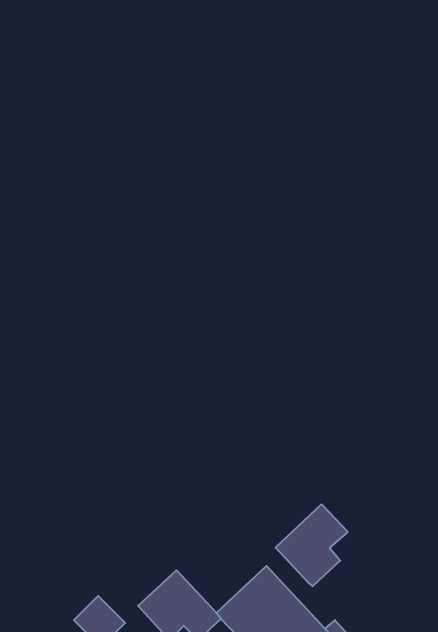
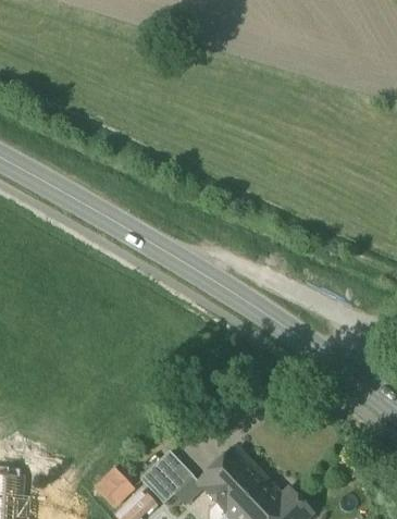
building: [276,504,348,586] -> none

